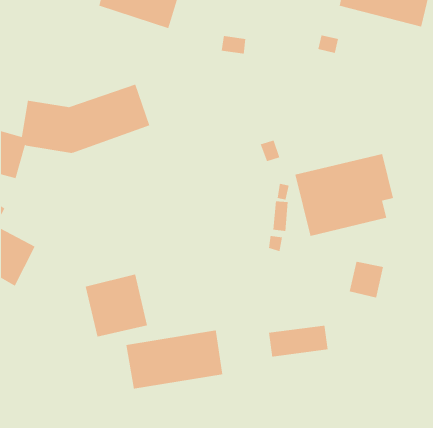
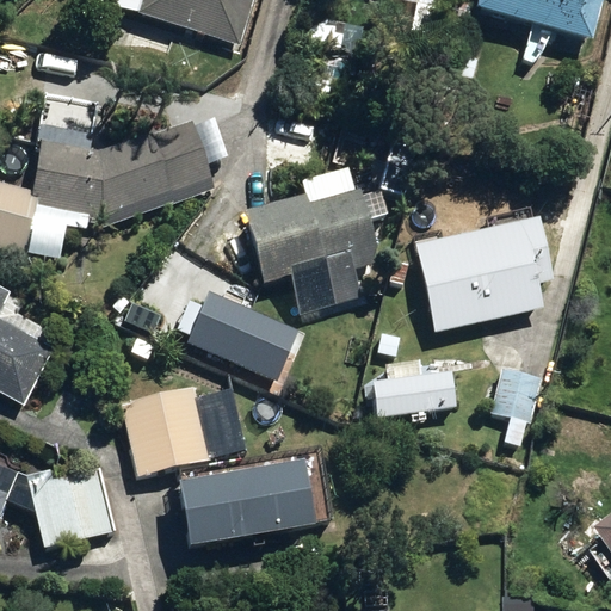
building: none -> [241,189,376,302]
building: none -> [190,285,300,375]
building: [268,325,329,357] -> [370,371,455,416]
building: none -> [27,465,115,547]

